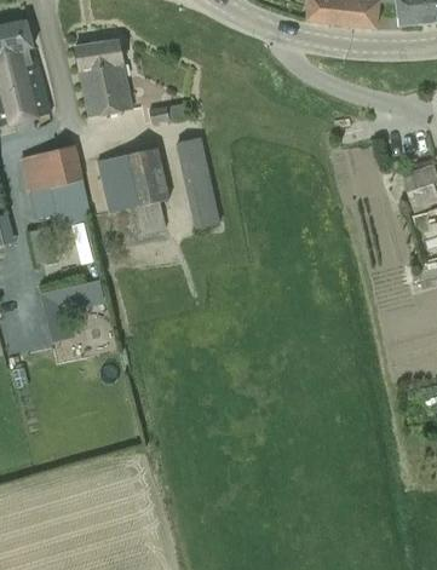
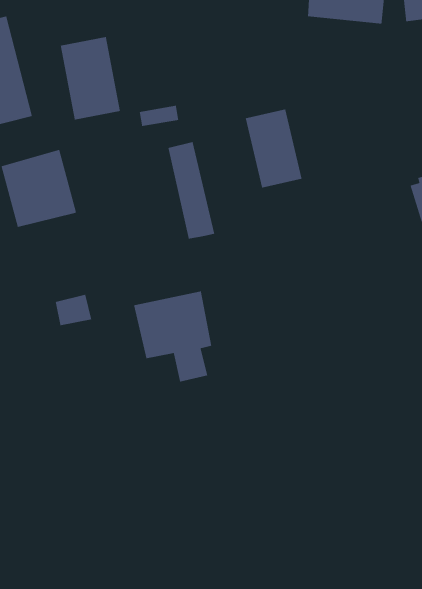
building: none -> [245,108,303,189]
building: [96,148,169,234] -> [133,290,212,382]

